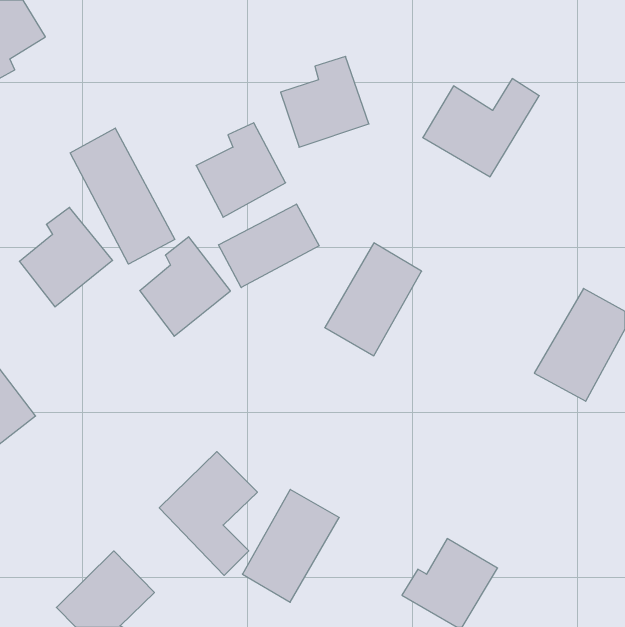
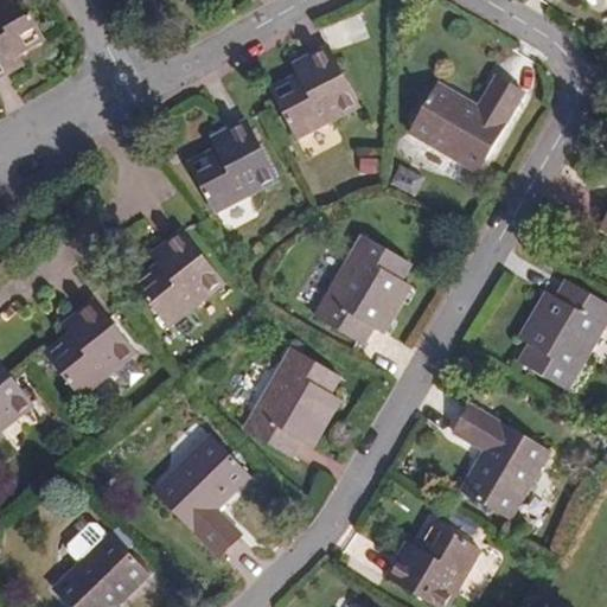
building: [70,128,175,264] -> none
building: [219,204,319,288] -> none
building: [19,207,113,307] -> [46,298,136,394]
building: none -> [453,404,550,517]
building: [242,489,339,602] -> [244,347,338,456]

